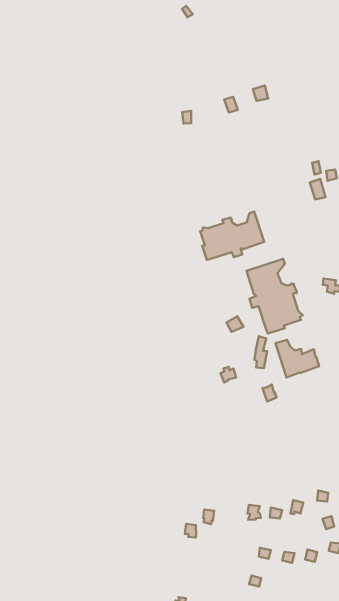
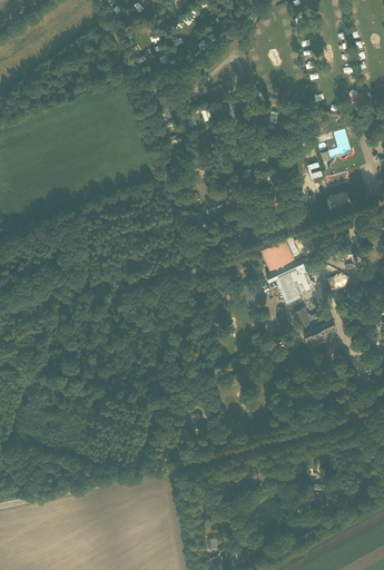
building: [200,212,264,260] -> none

